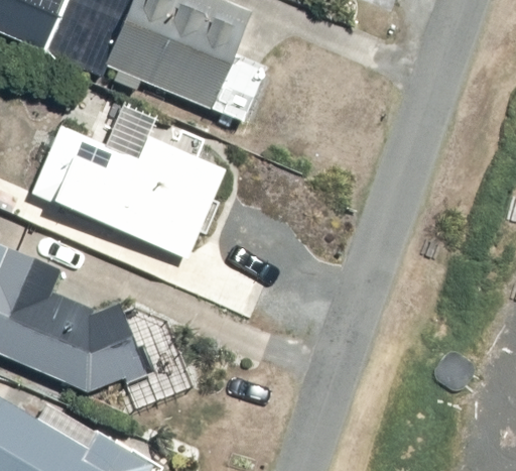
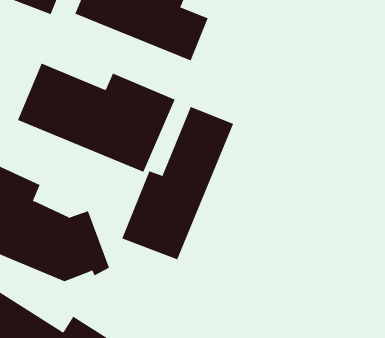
building: none -> [122,106,234,260]

